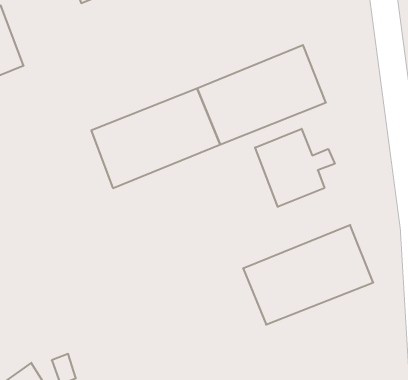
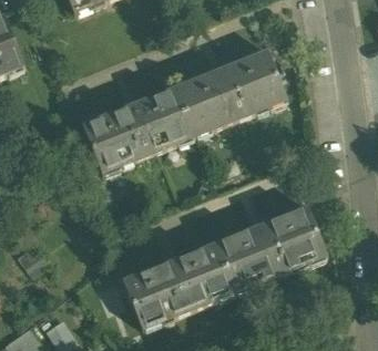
building: [255,129,335,207] -> none
building: none -> [123,241,235,327]

